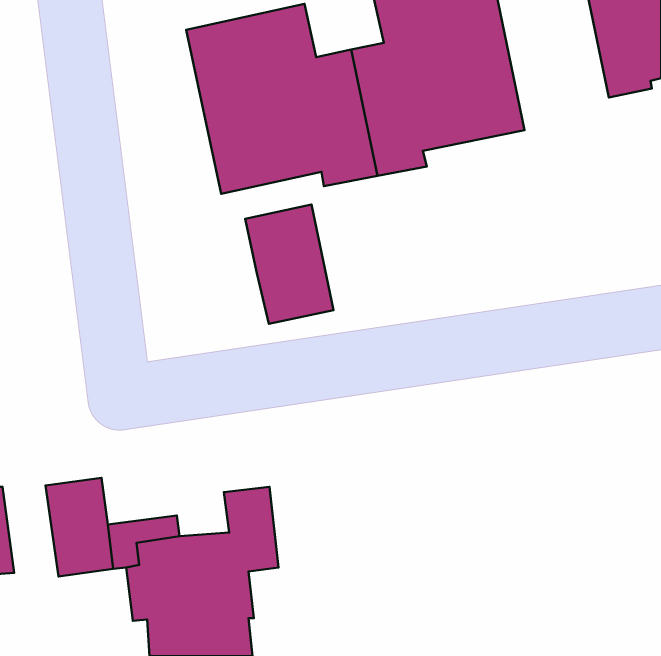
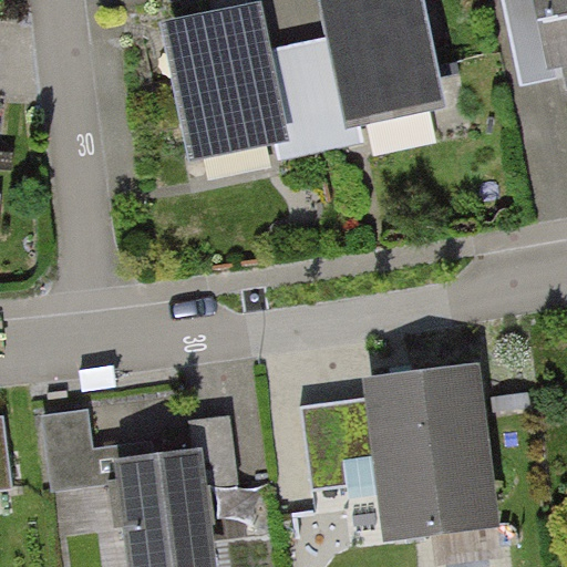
building: [245,205,334,324] -> none
building: none -> [299,364,502,544]

